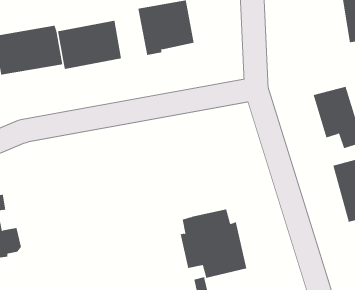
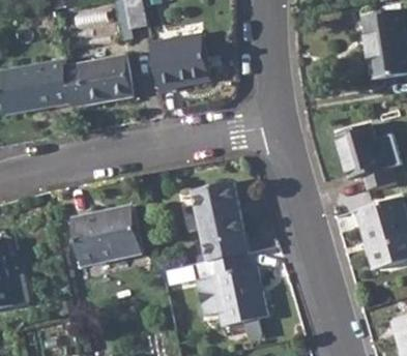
building: none -> [191,183,245,262]
building: none -> [69,205,141,264]

